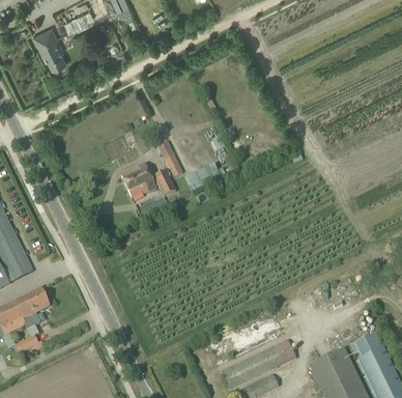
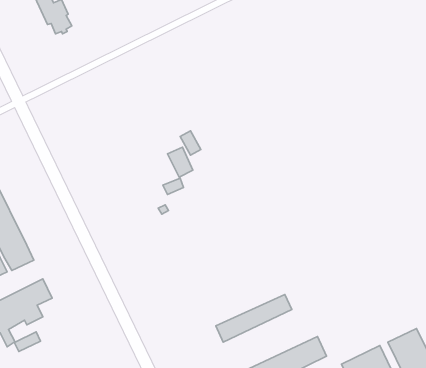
building: [122,165,157,197] -> none
building: none -> [216,294,292,342]

